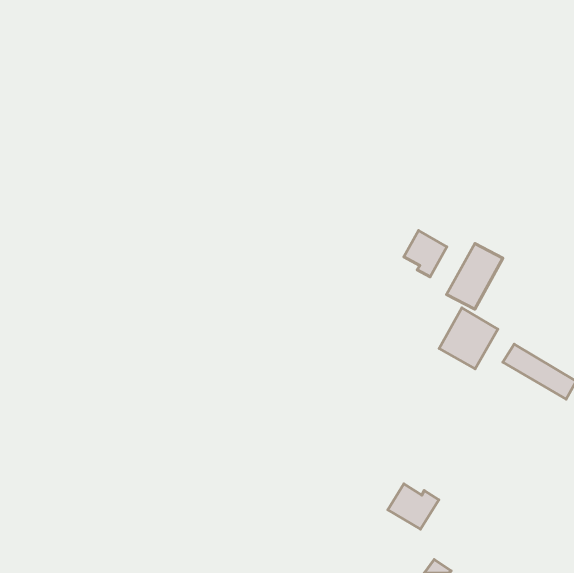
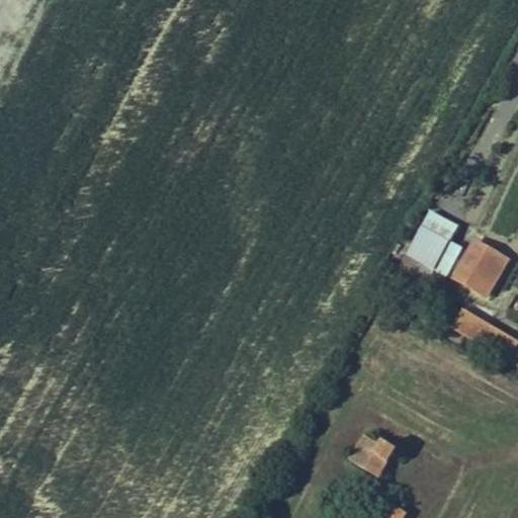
building: [404,230,447,277] -> none
building: [439,308,498,369] -> [455,239,508,293]

